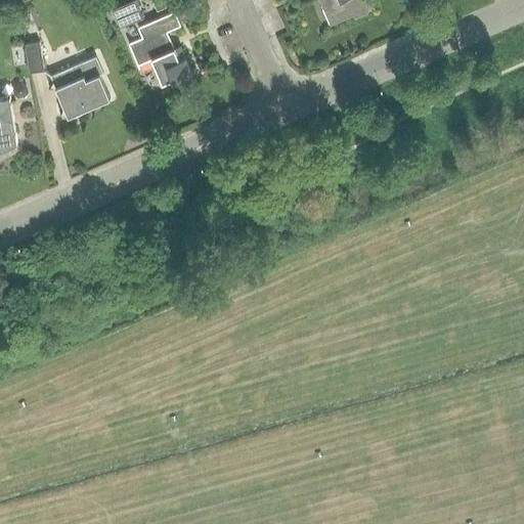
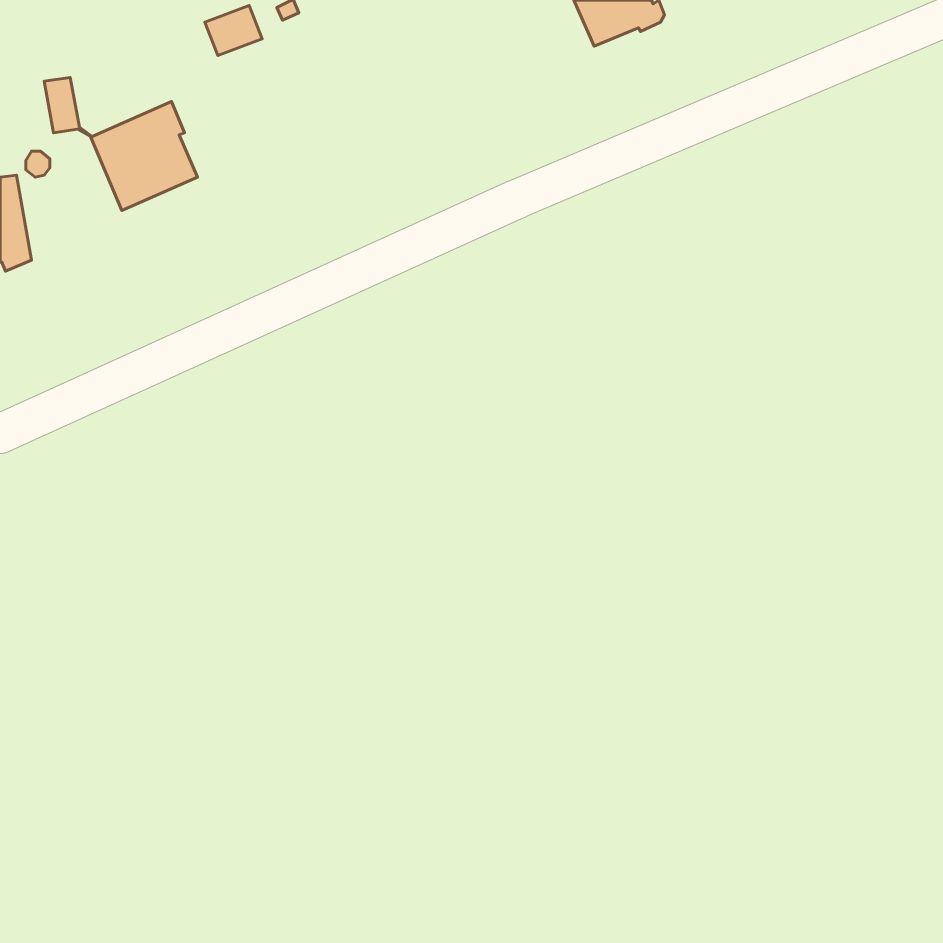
building: [128,12,191,85] -> none

